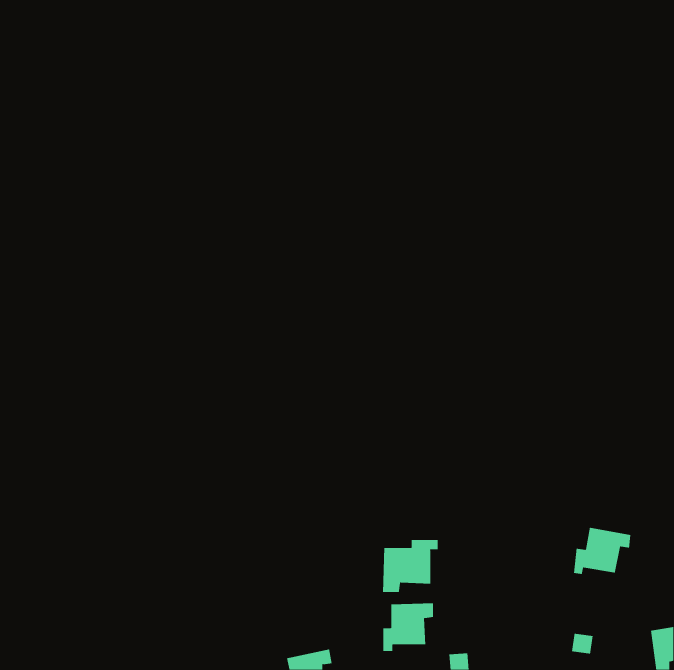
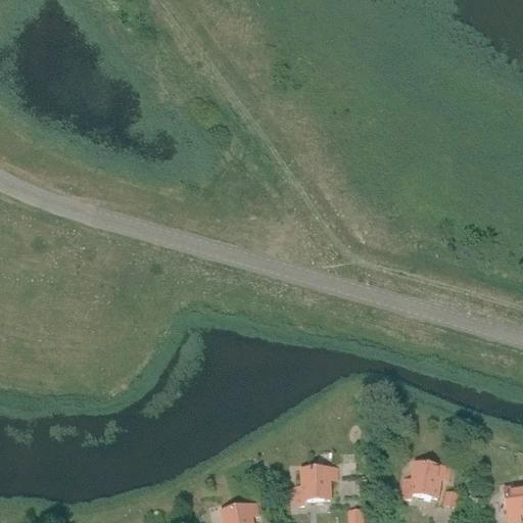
building: [573,527,631,575] -> [403,462,448,498]
building: [382,539,438,593] -> none

